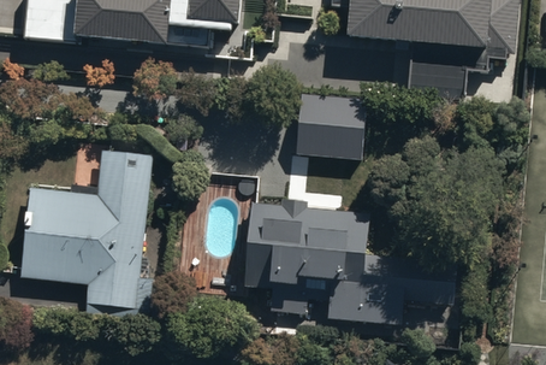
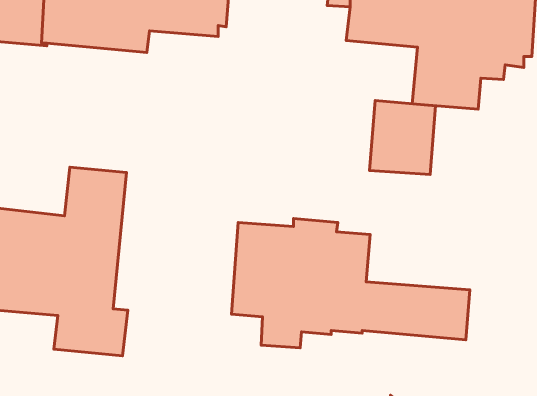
building: [297,93,356,159] -> [370,100,436,175]

